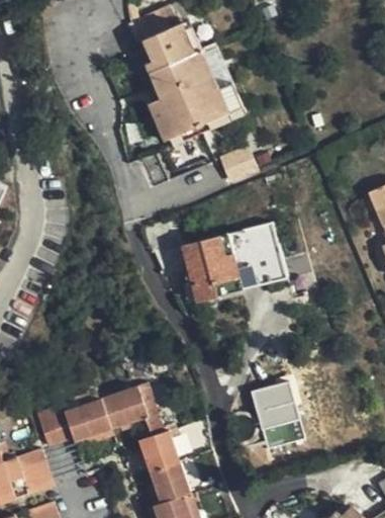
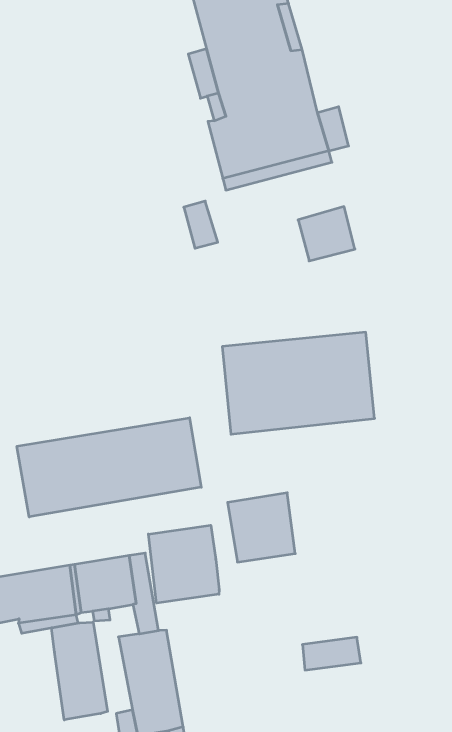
building: none -> [17,418,201,517]
building: none -> [148,525,219,603]
building: [247,378,295,428] -> [228,493,295,562]
building: none -> [52,622,108,720]

